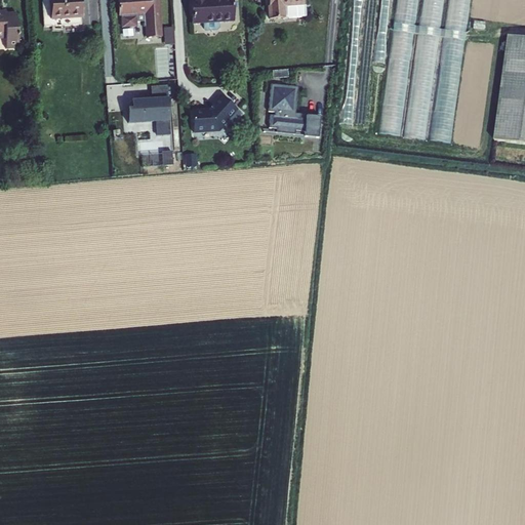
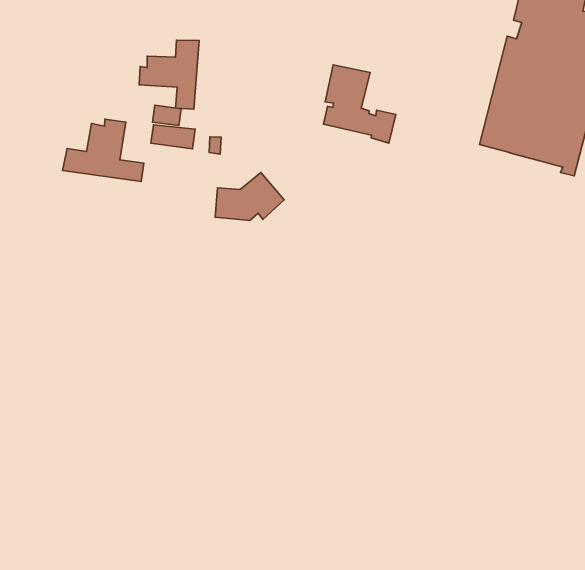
building: [193,92,242,129] -> [215,173,284,221]
building: none -> [63,119,144,181]

